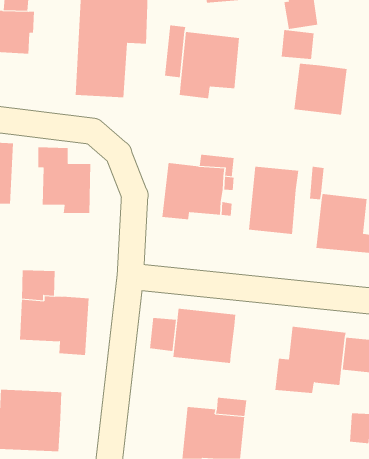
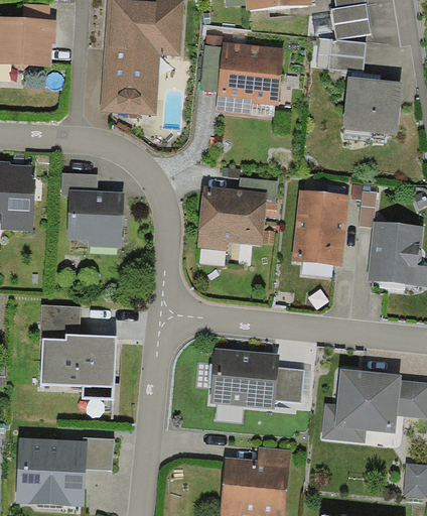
building: [150,317,177,352] -> none
building: none -> [274,367,303,403]
building: none -> [83,437,114,471]

